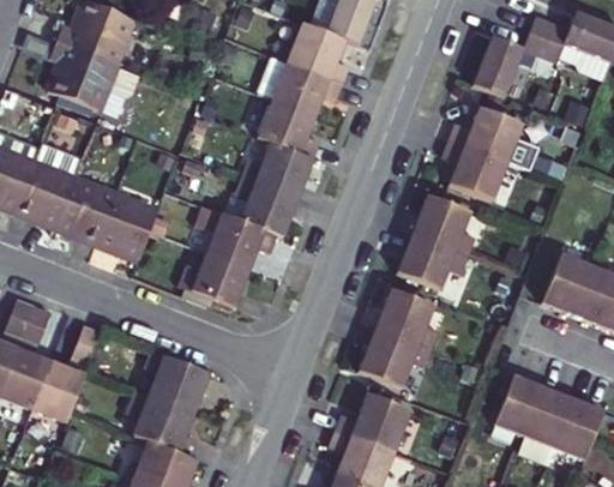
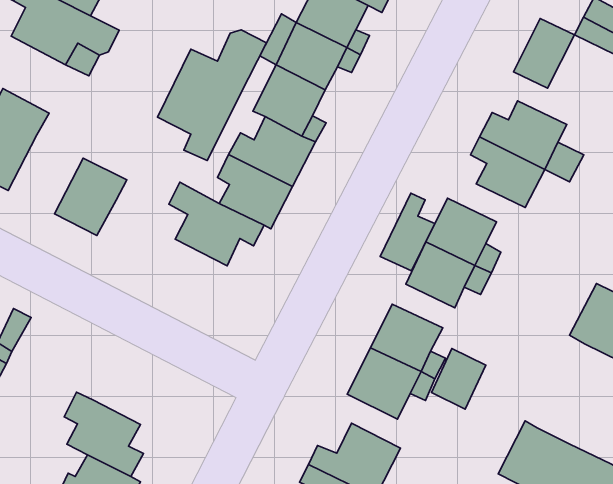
building: none -> [158,30,267,161]
building: [60,179,120,244] -> none
building: none -> [380,193,435,271]
building: [180,254,249,309] -> none
building: none -> [431,349,486,409]
building: [143,351,206,413] -> none

